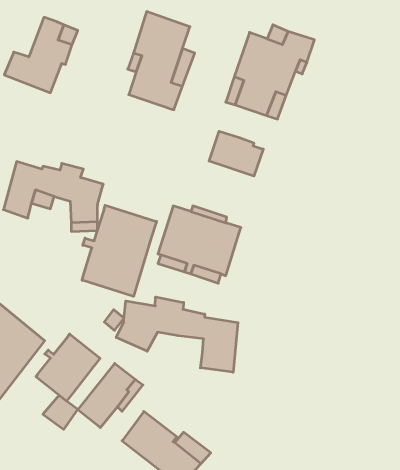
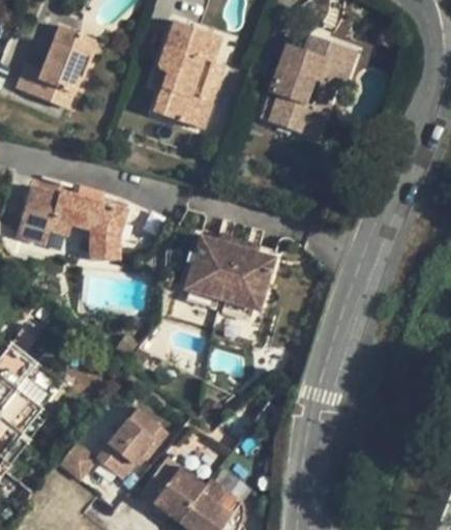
building: [209,131,263,176] -> none
building: [82,205,157,296] -> none
building: [116,297,238,372] -> none
building: [36,334,100,401] -> none

